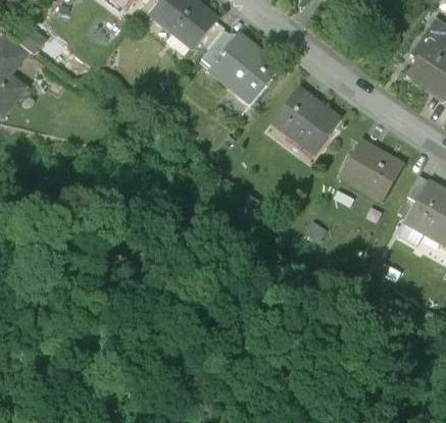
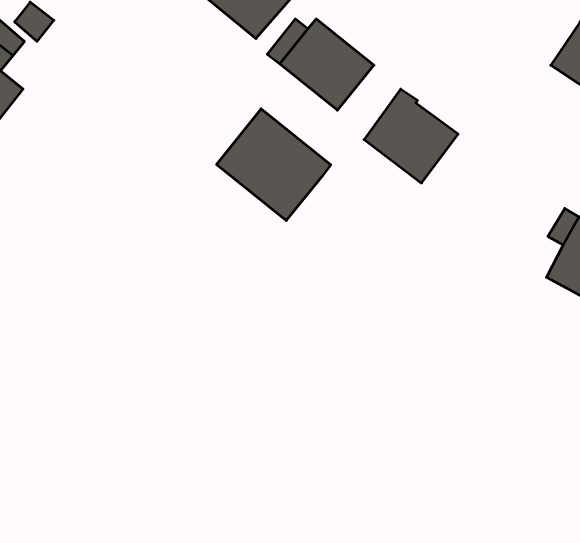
building: none -> [217,109,331,221]
building: [340,142,403,201] -> none

